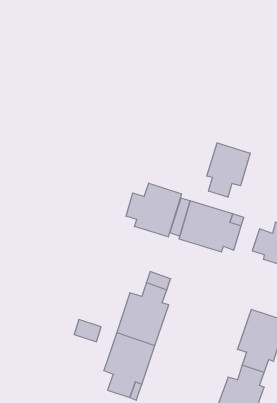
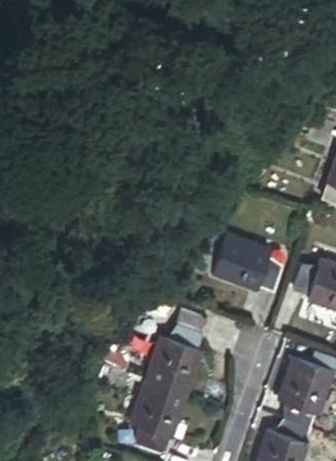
building: [207,143,250,197] -> none
building: [126,183,181,237] -> none

